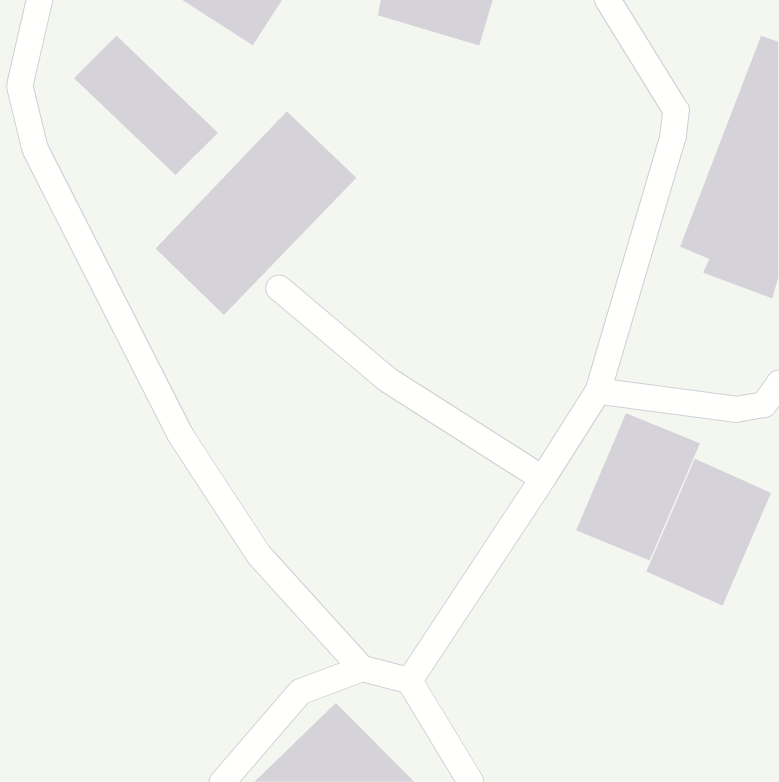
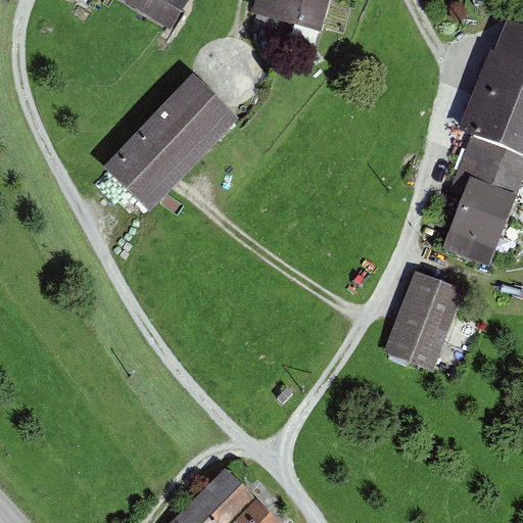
building: [73,35,219,176] -> none
building: none -> [442,182,515,264]
building: [646,458,772,607] -> none

